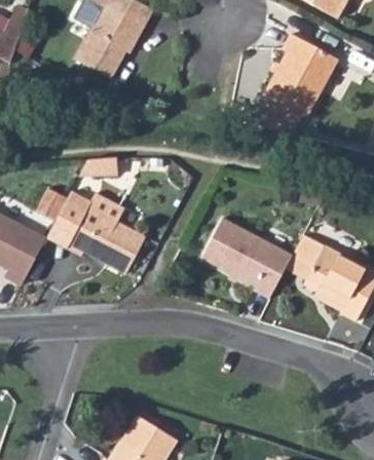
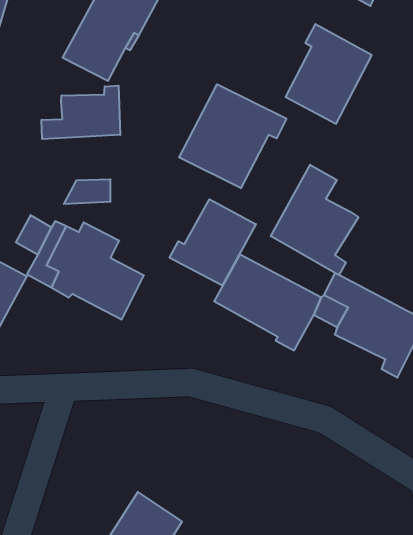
building: none -> [179,84,286,188]
building: none -> [42,86,120,139]
building: none -> [271,165,358,275]
building: none -> [170,199,256,286]

